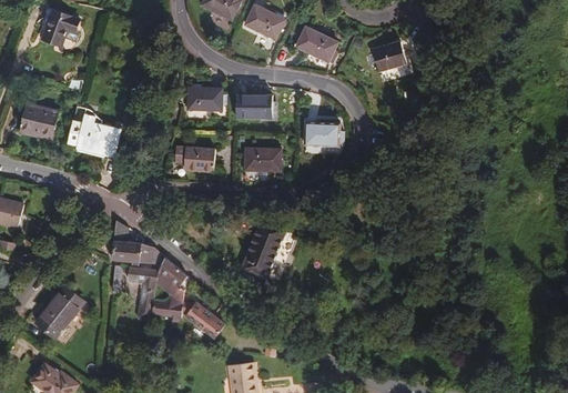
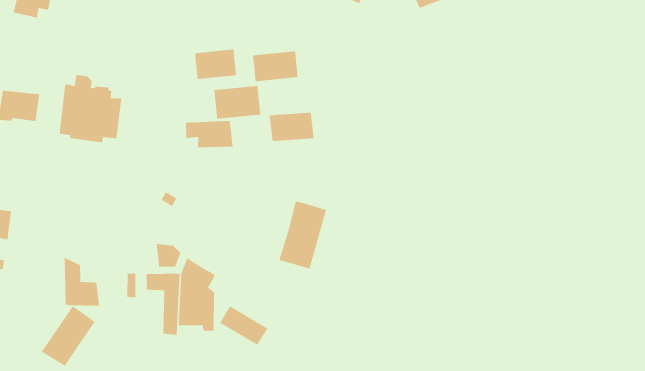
building: [307,119,343,143] -> none
building: none -> [214,85,261,120]
building: [111,220,140,263] -> [64,258,100,306]

